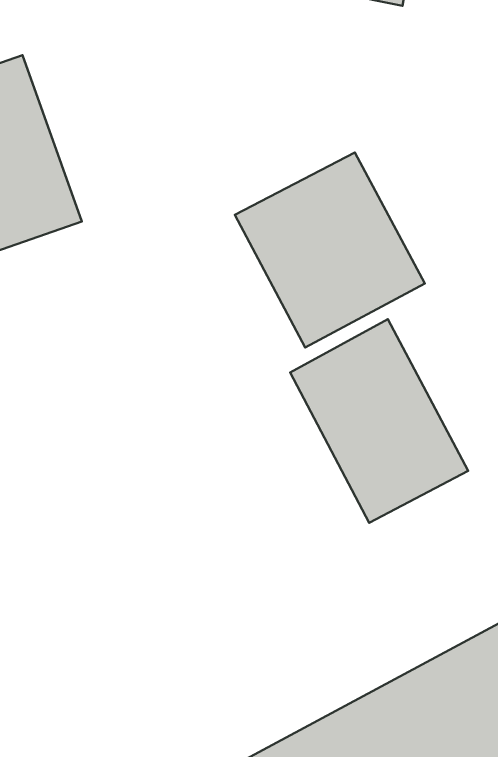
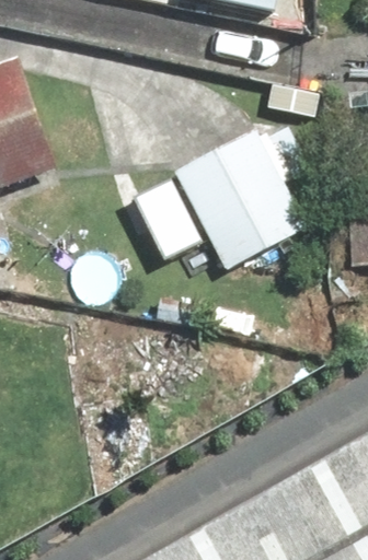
building: [290,319,468,523] -> none

